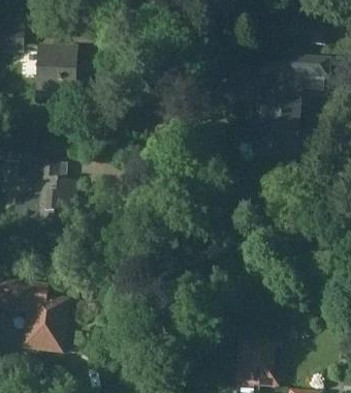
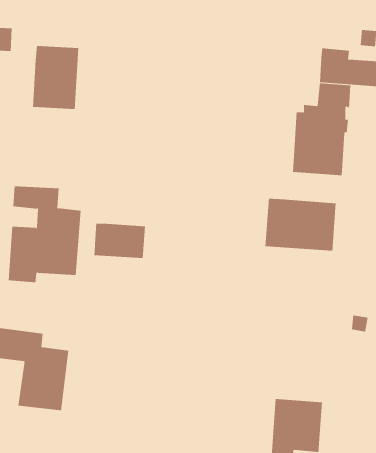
building: none -> [265,198,336,251]
building: none -> [94,223,145,259]

